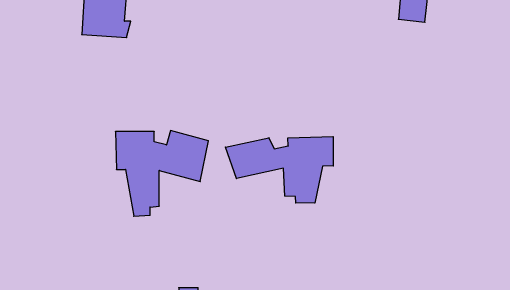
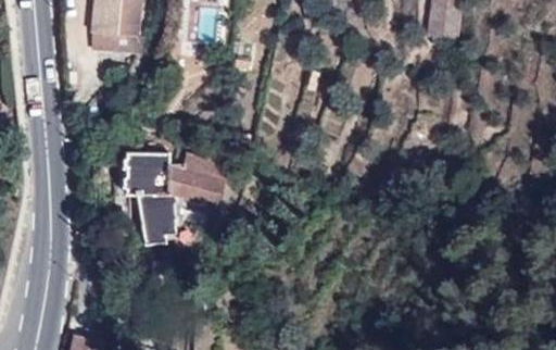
building: [225,137,333,203] -> none

